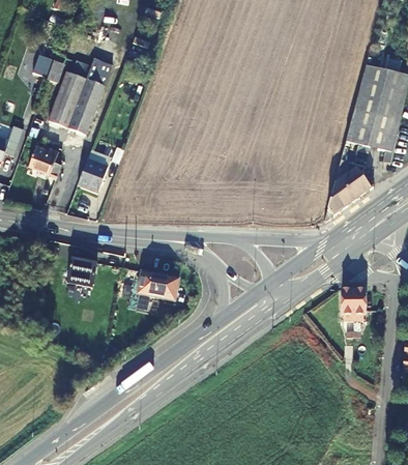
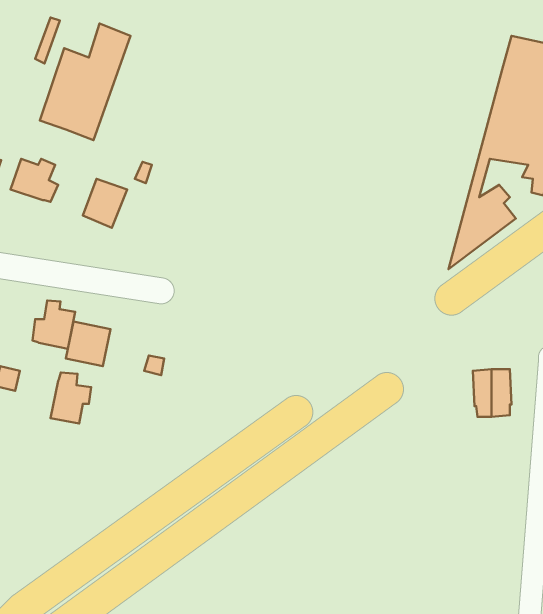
building: none -> [32,300,75,349]
building: [137,271,178,299] -> none
building: none -> [50,373,91,424]

